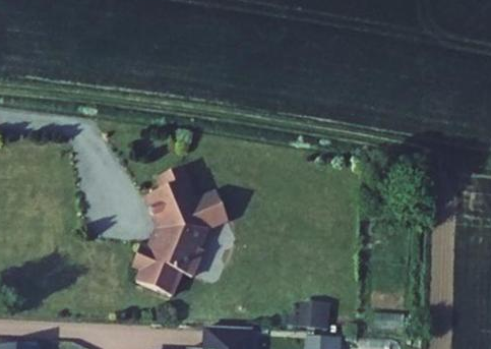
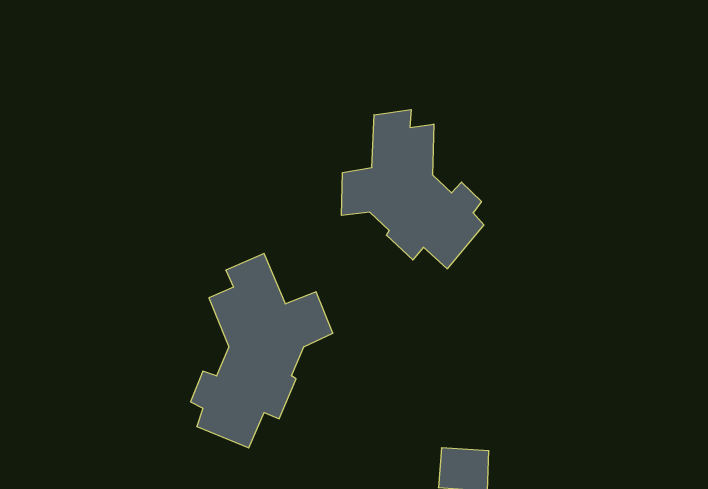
building: none -> [341,110,484,269]

